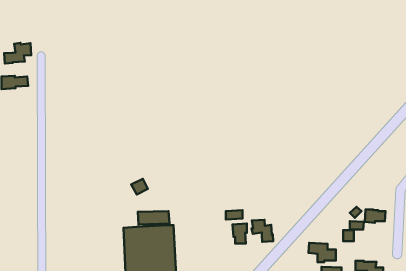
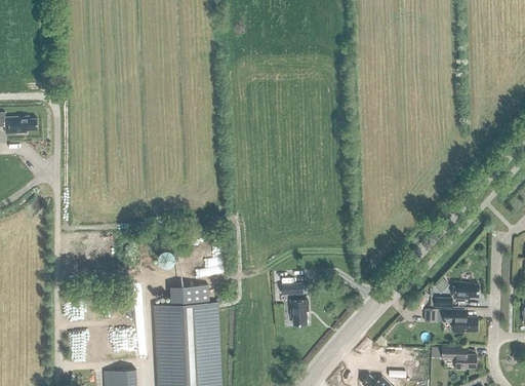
building: [4,43,31,63] -> none
building: [251,220,273,242] -> none
building: [308,243,336,262] -> [442,309,476,333]

